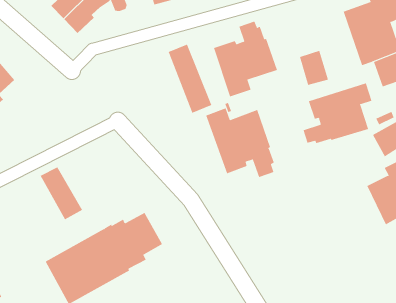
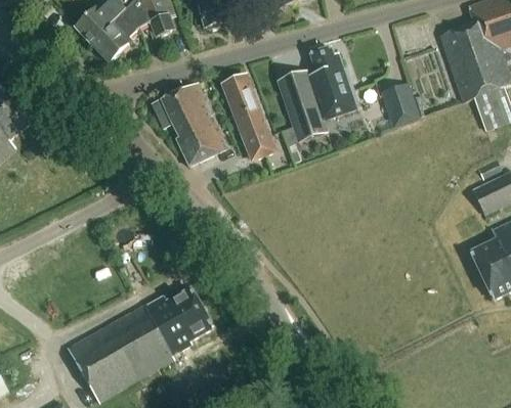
building: none -> [160,82,227,166]
building: [303,82,372,144] -> none
building: [205,108,274,178] -> none
building: [40,166,83,220] -> none

